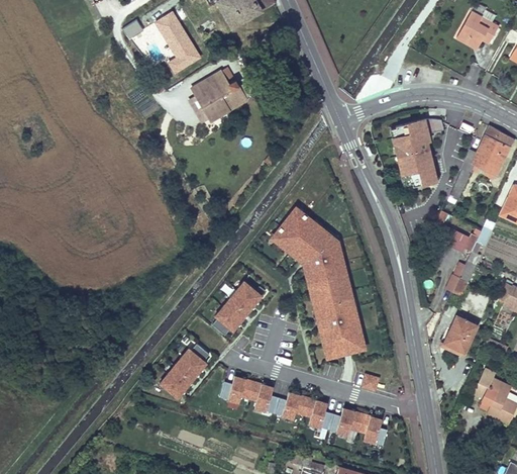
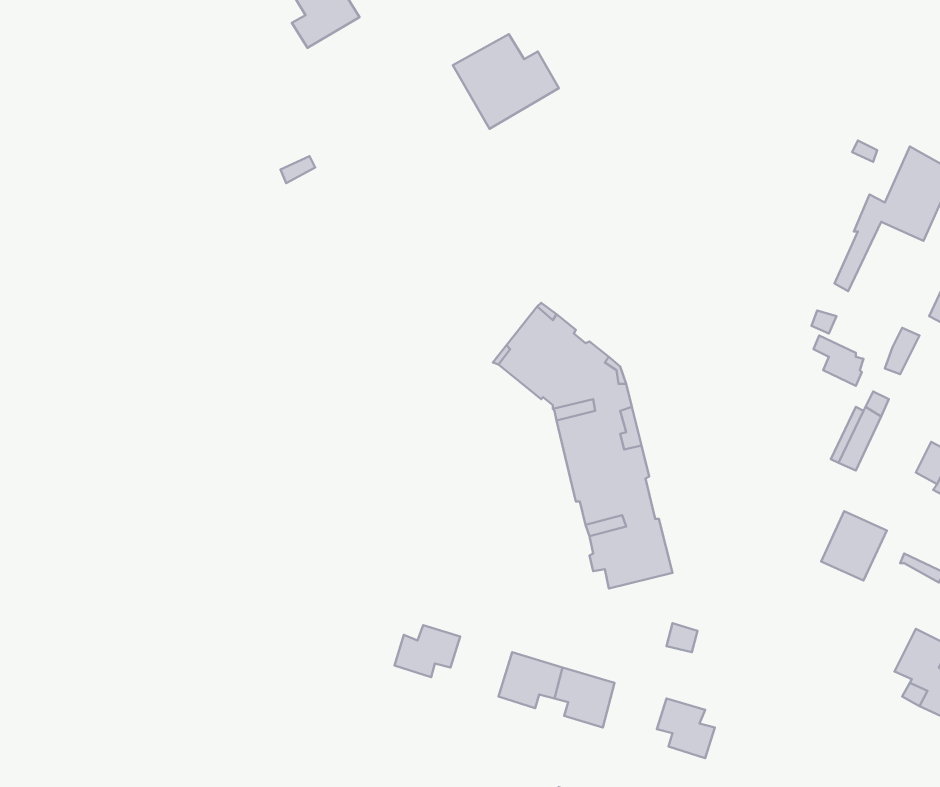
building: [192,72,247,121] -> [453,34,559,129]
building: [393,119,444,187] -> none
building: [215,281,263,331] -> none
building: [160,348,207,398] -> none
building: [249,382,282,413] -> none
building: [329,406,363,436] -> none

